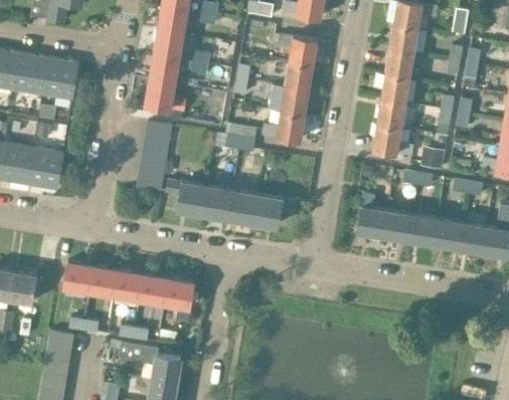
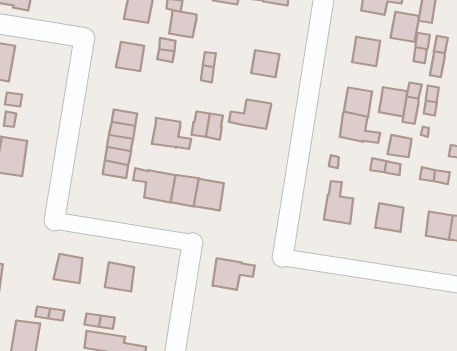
building: [389,24,417,54] -> [390,12,419,42]
building: [155,32,182,59] -> [169,10,197,38]
building: [278,35,317,67] -> none
building: [43,59,77,99] -> none
building: [381,75,409,105] -> [379,87,407,116]
building: [146,80,185,112] -> [152,118,191,149]
building: [281,86,309,117] -> none
building: [253,196,296,227] -> [213,259,255,290]
building: [383,211,412,240] -> none
building: [434,220,462,248] -> none
building: [64,262,94,291] -> none
building: [114,270,143,299] -> none
building: [165,279,194,322] -> none

